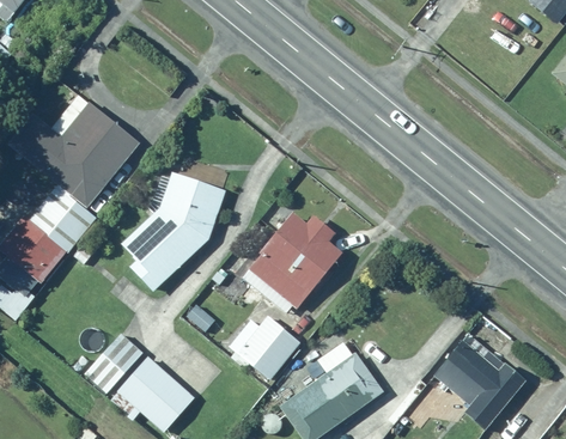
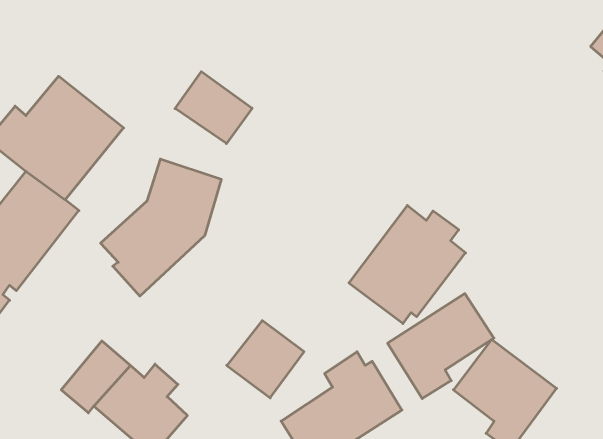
building: none -> [175,72,252,144]
building: [239,211,342,315] -> [349,205,466,324]
building: none -> [388,294,494,399]

